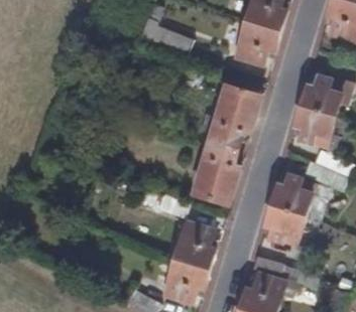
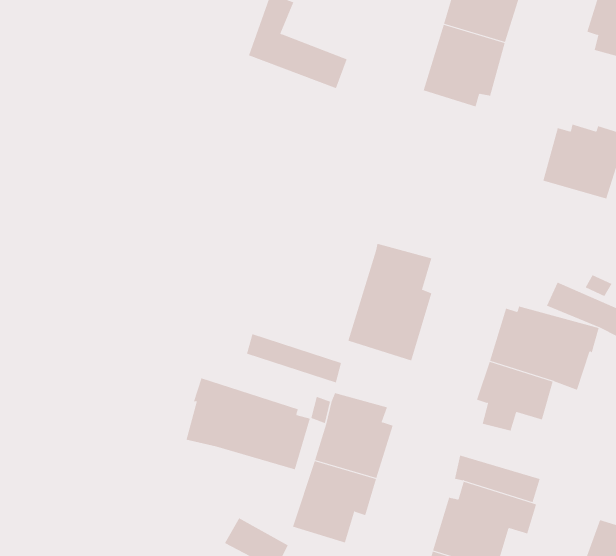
building: [199,86,260,148] -> none
building: [293,106,335,143] -> none
building: none -> [186,377,311,470]

